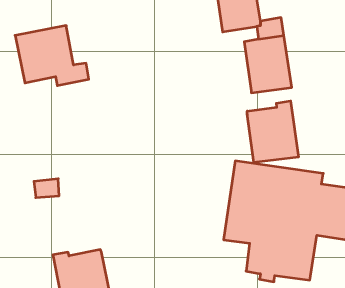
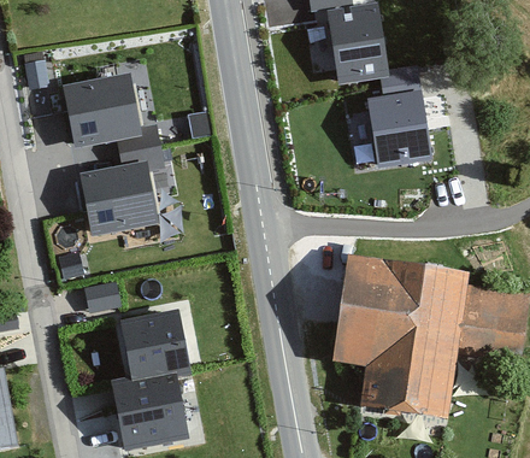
building: none -> [76,146,161,239]
building: [247,101,298,163] -> none
building: none -> [119,311,189,383]

